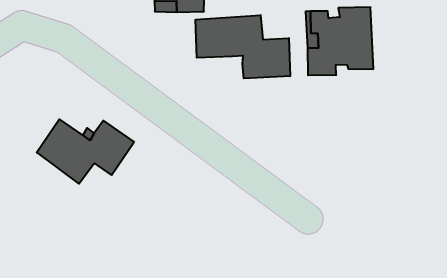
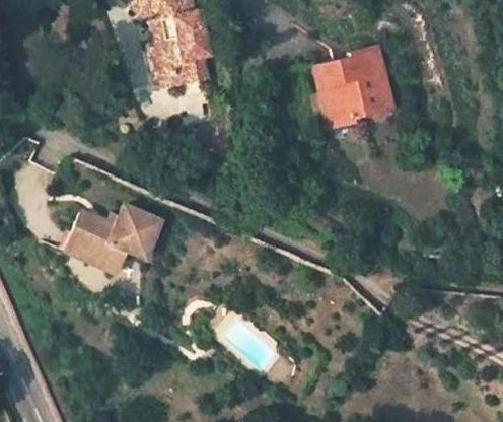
building: [196,15,290,78] -> none

